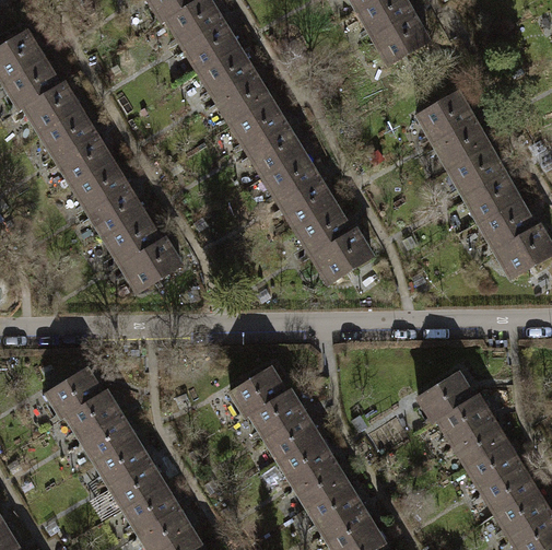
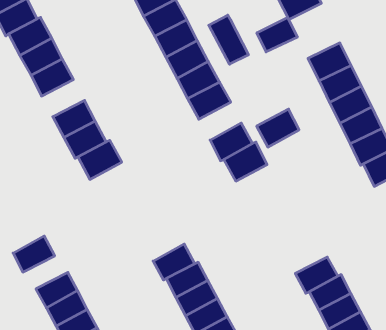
building: none -> [257,18,297,52]
building: none -> [209,15,248,64]
building: [72,162,129,212] -> none
building: [280,178,336,230] -> [257,109,299,147]
building: [67,391,121,438] -> none

